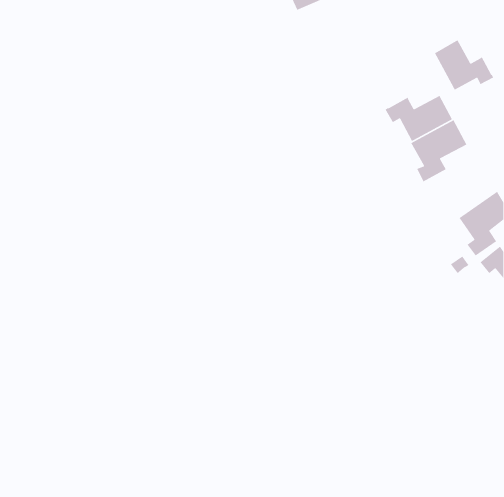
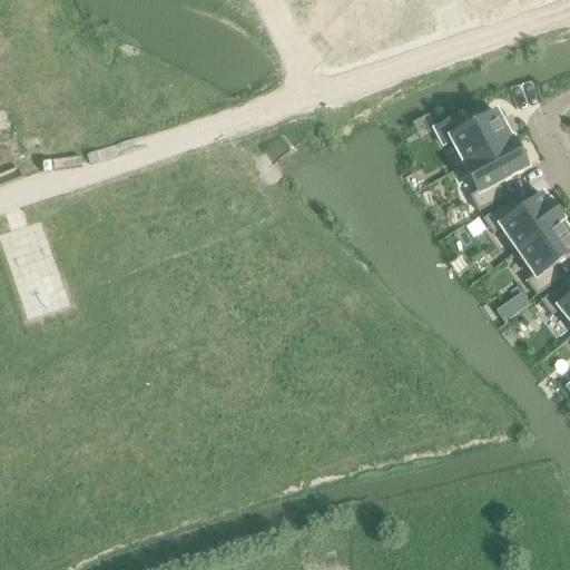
building: [433,39,494,92] -> none
building: none -> [483,189,562,246]

